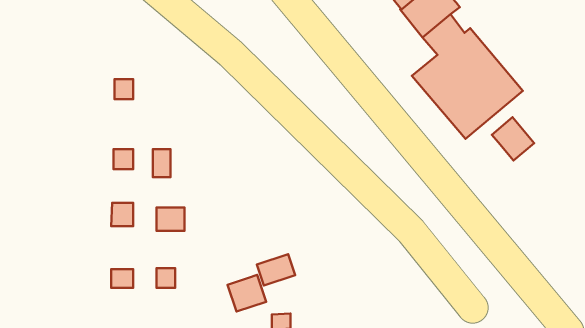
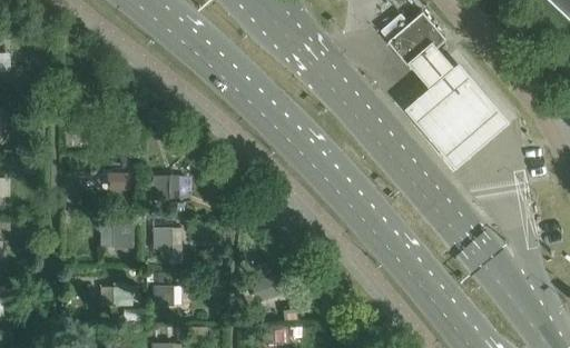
building: [492,117,534,161] -> none
building: [228,275,266,312] -> none

